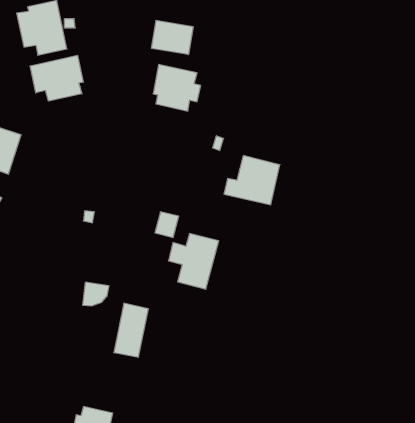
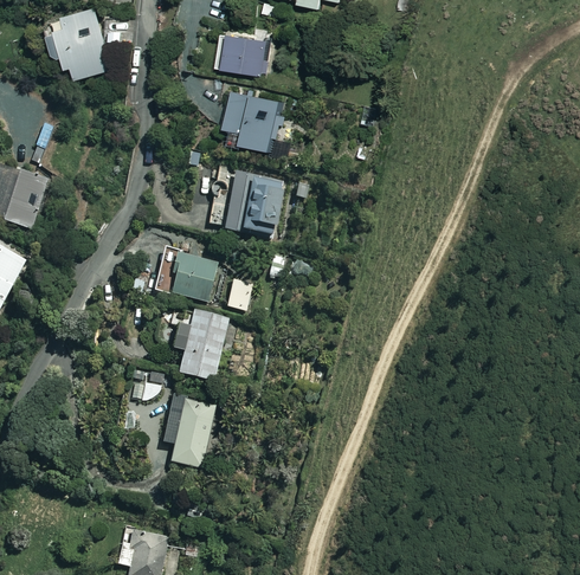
building: [30,55,83,101] -> none
building: [224,156,280,205] -> [210,173,282,237]
building: none -> [168,253,218,302]
building: [168,233,219,289] -> [163,309,228,381]

